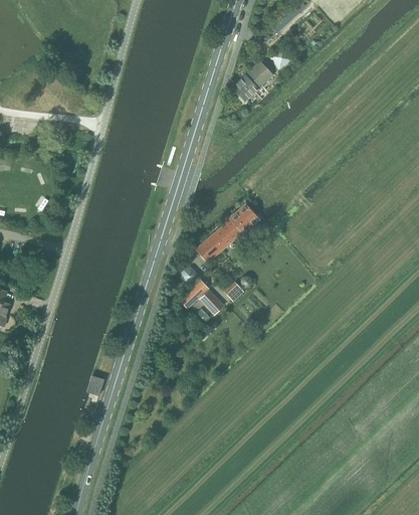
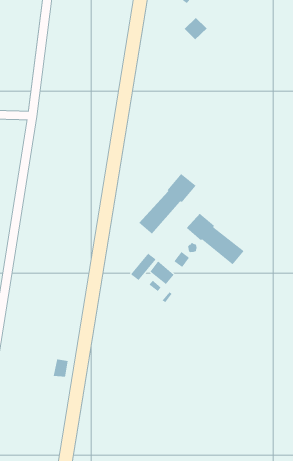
building: [232,59,273,101] -> none
building: none -> [186,213,244,265]

